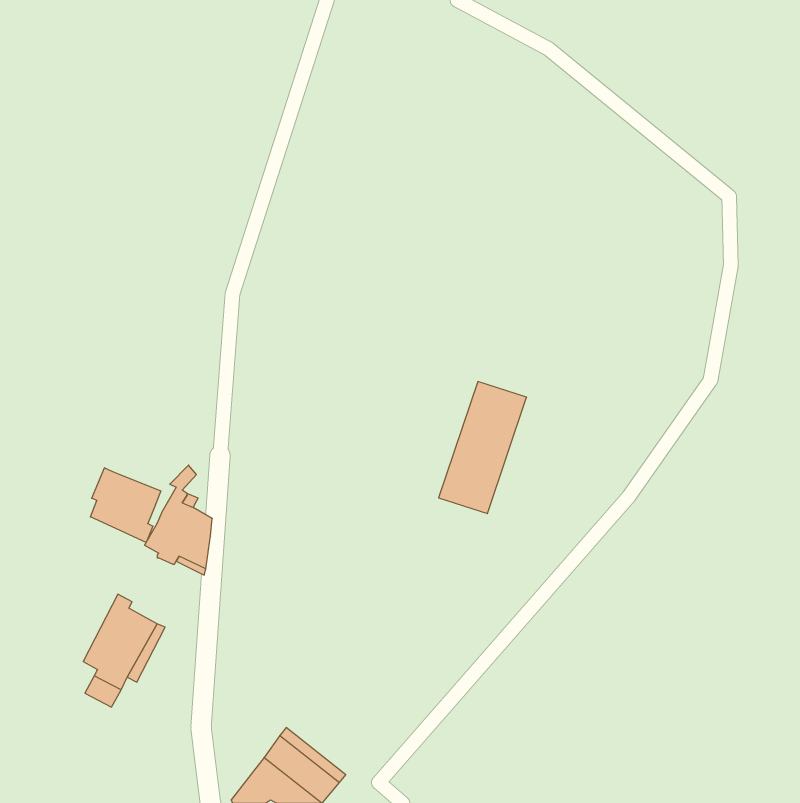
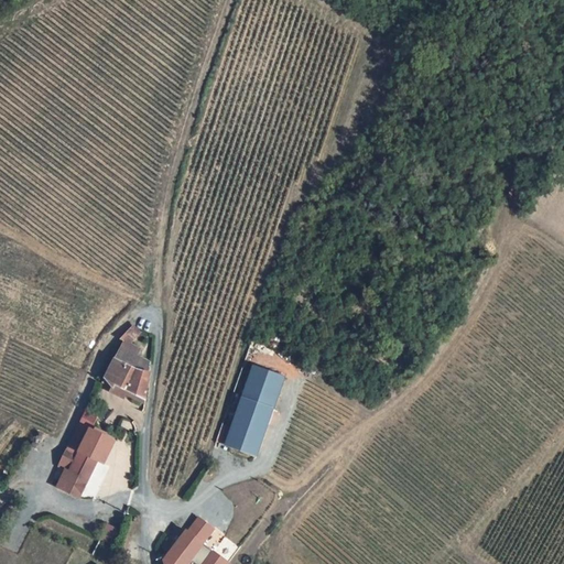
building: [439,382,527,514] -> [220,364,282,456]
building: [90,468,161,542] -> none

